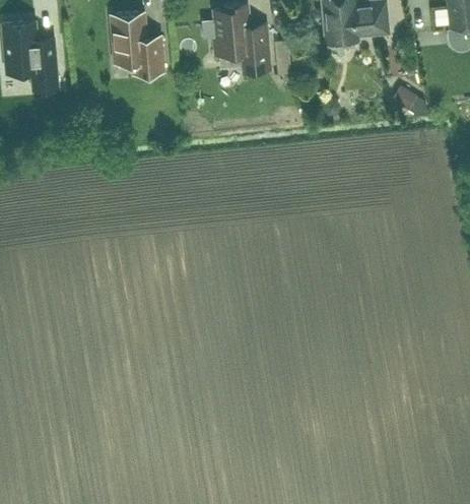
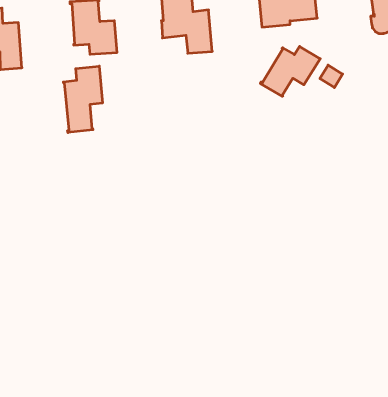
building: none -> [260,46,320,96]
building: none -> [63,66,102,133]

